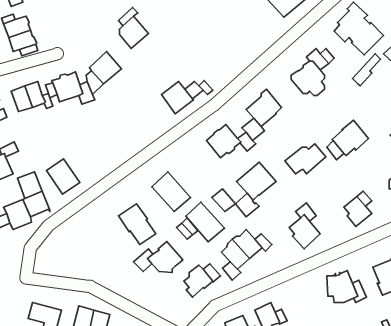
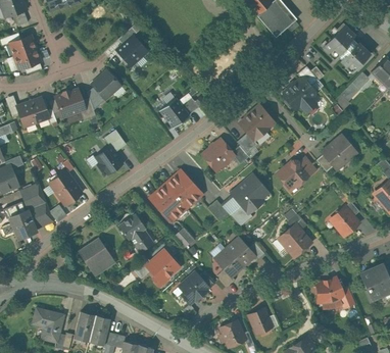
building: none -> [94,146,124,175]
building: [186,202,224,242] -> [165,170,202,208]
building: none -> [79,239,115,276]

